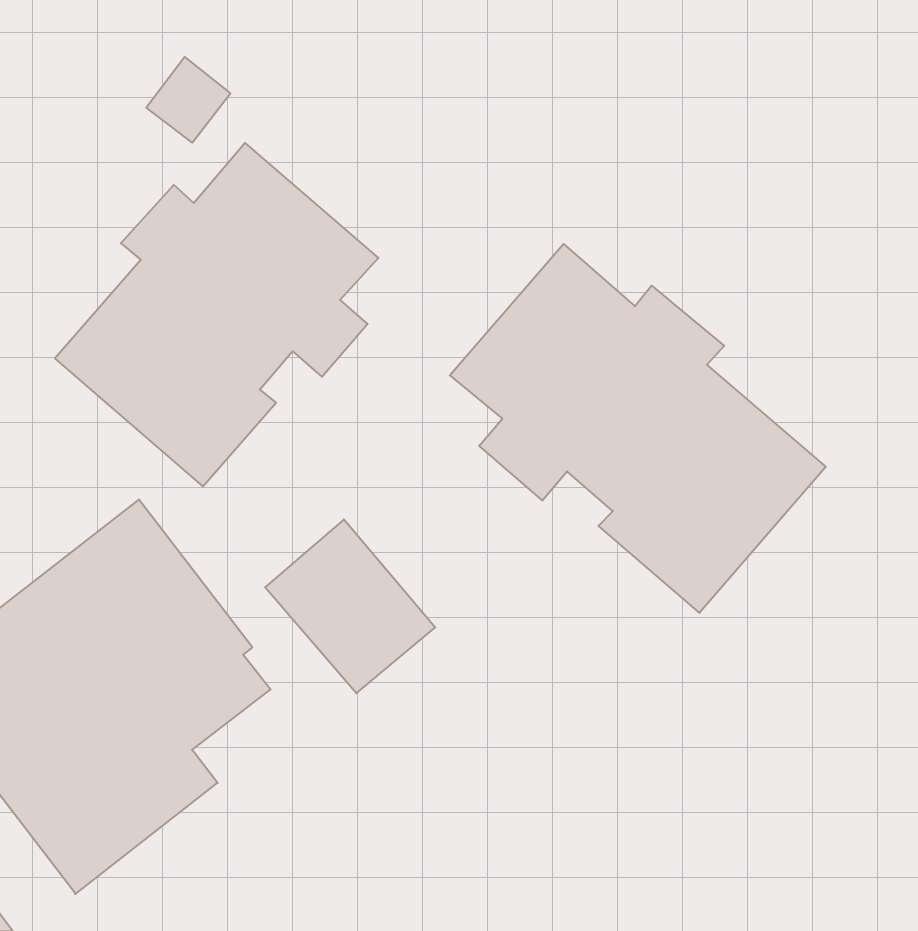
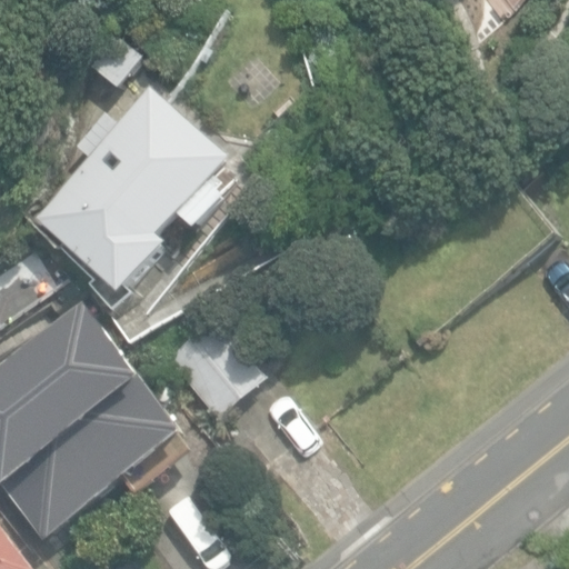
building: [450,244,826,613] -> none

